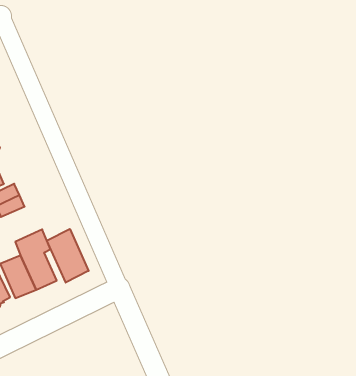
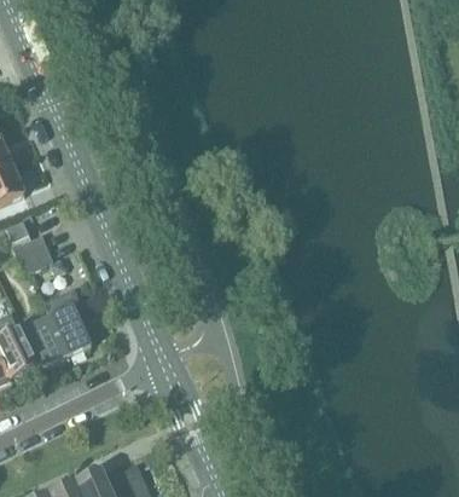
building: [47,229,89,283] -> none

